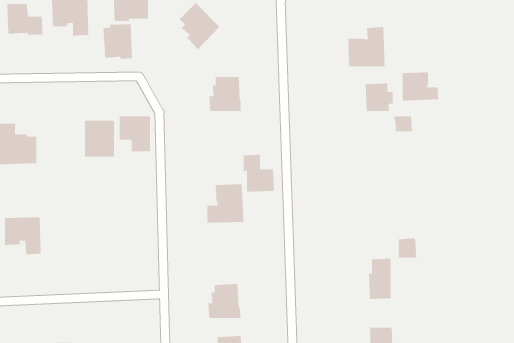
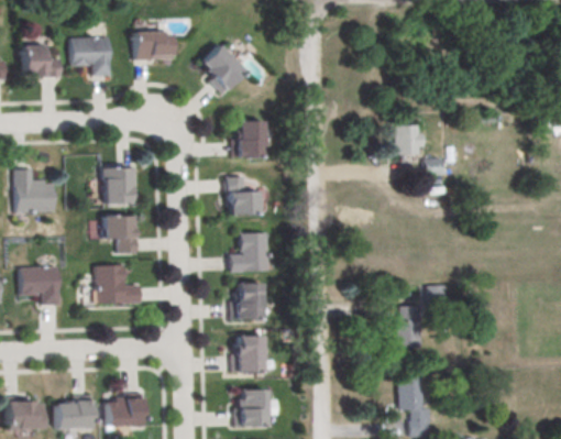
building: [103,23,133,60] -> none
building: [348,26,385,67] -> none
building: [402,72,439,101] -> none
building: [119,116,151,152] -> [105,215,138,252]
building: [243,154,275,192] -> [226,178,258,218]
building: none -> [96,264,141,304]
building: none -> [231,282,265,319]

